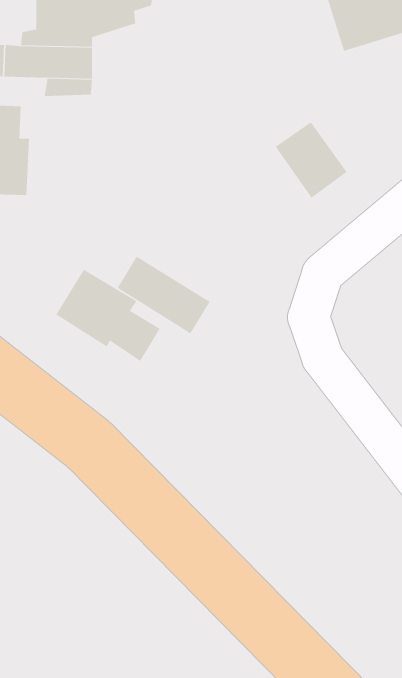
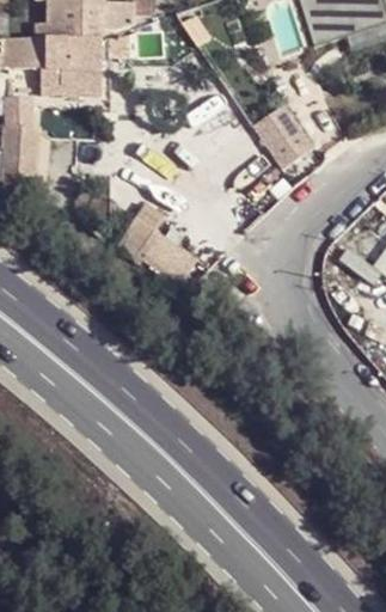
building: [55,269,160,362] -> none

